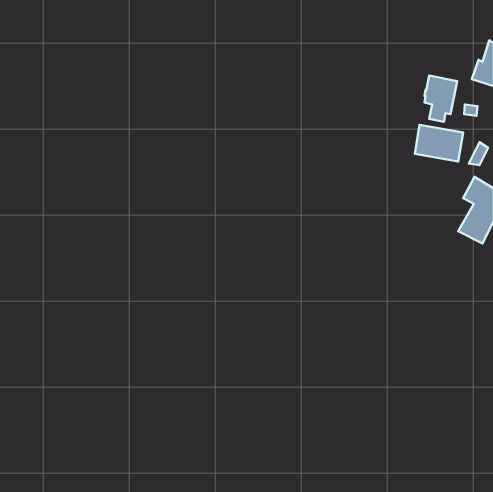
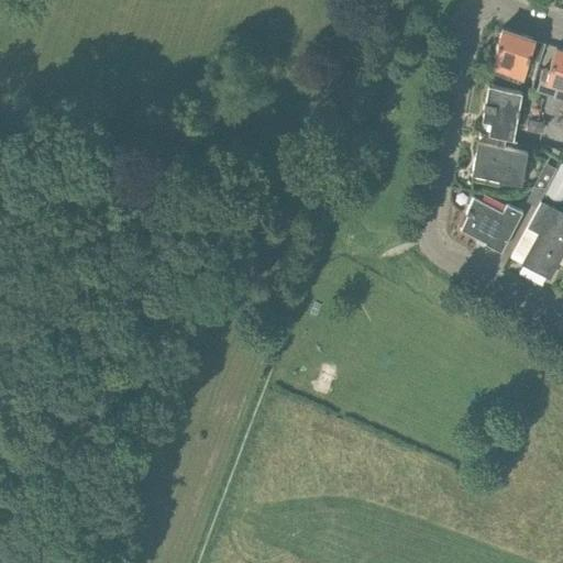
building: none -> [495,31,534,77]
building: none -> [462,198,522,254]

